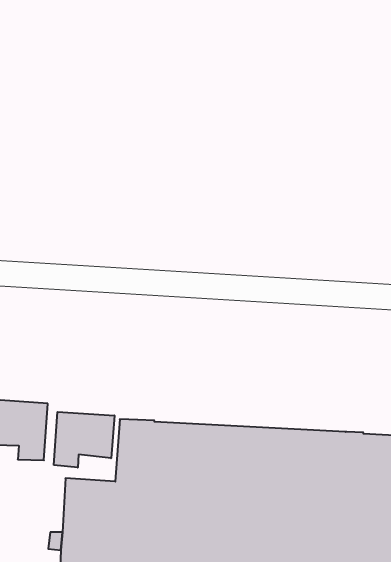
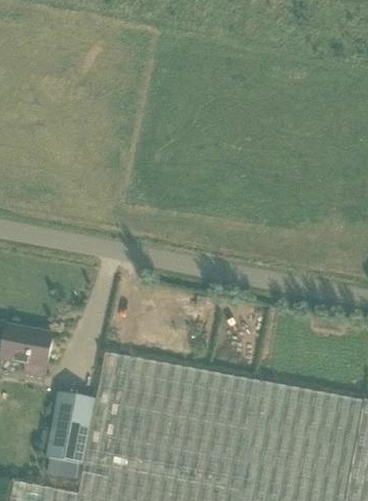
building: [54,412,114,468] -> none

